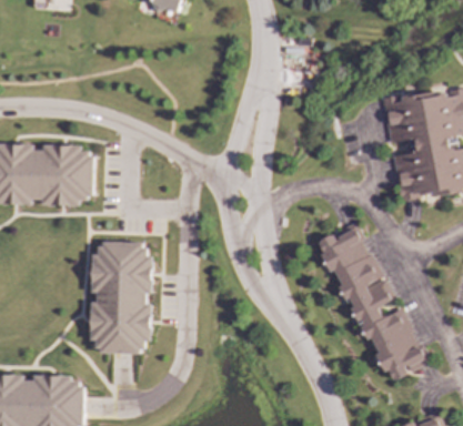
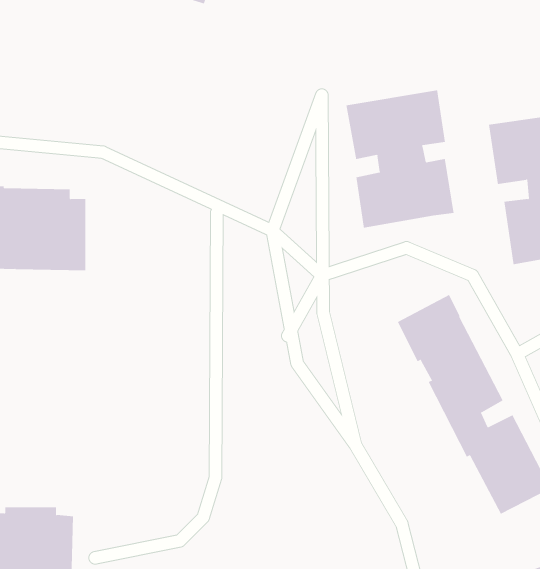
building: none -> [346,90,454,229]
building: [90,241,152,354] -> none

